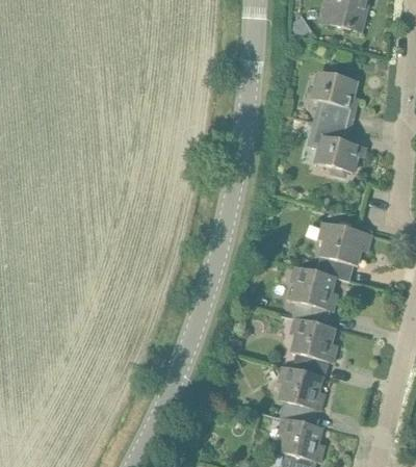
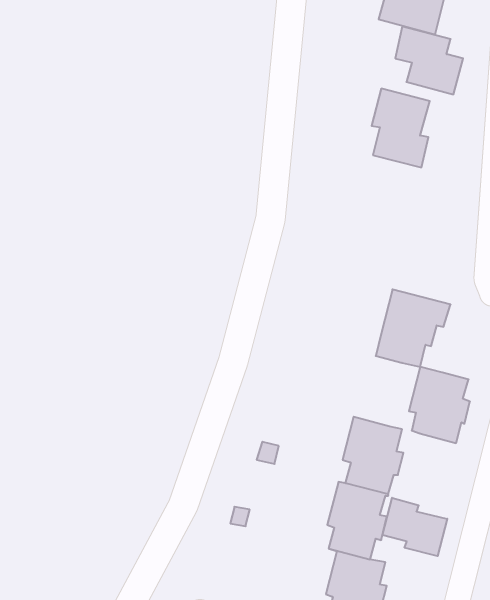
building: [308,121,359,172] -> [395,27,463,94]
building: [290,267,336,325] -> [409,367,470,443]
building: none -> [382,498,447,556]

